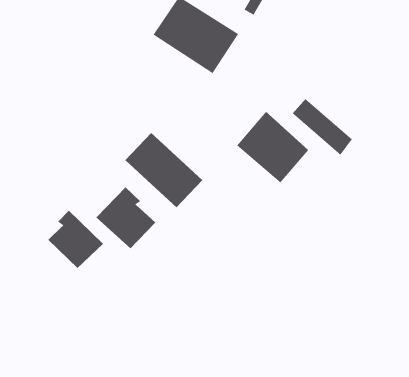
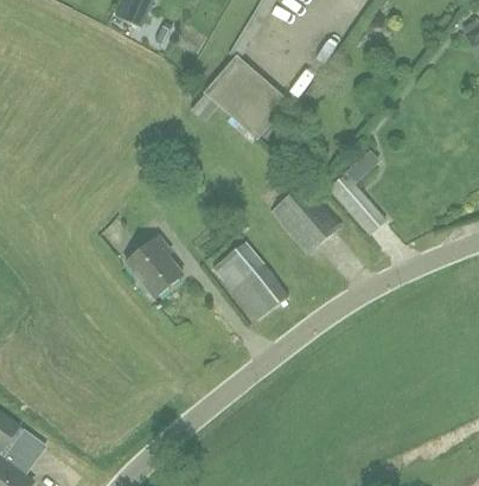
building: [125,132,203,208] -> [213,242,287,319]
building: [47,210,104,269] -> none

